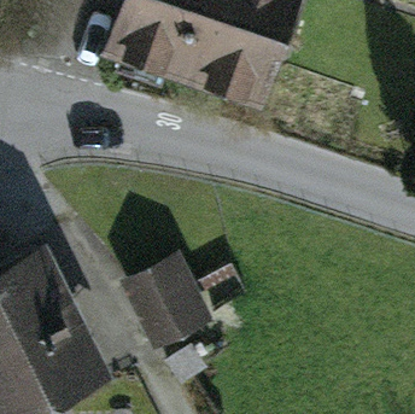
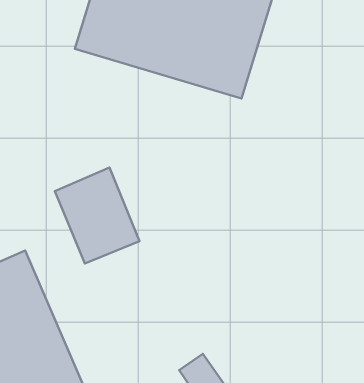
building: [124,251,206,344] -> [55,168,139,264]

